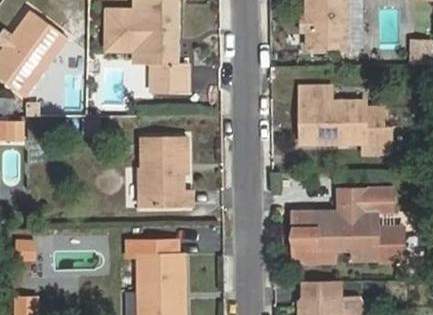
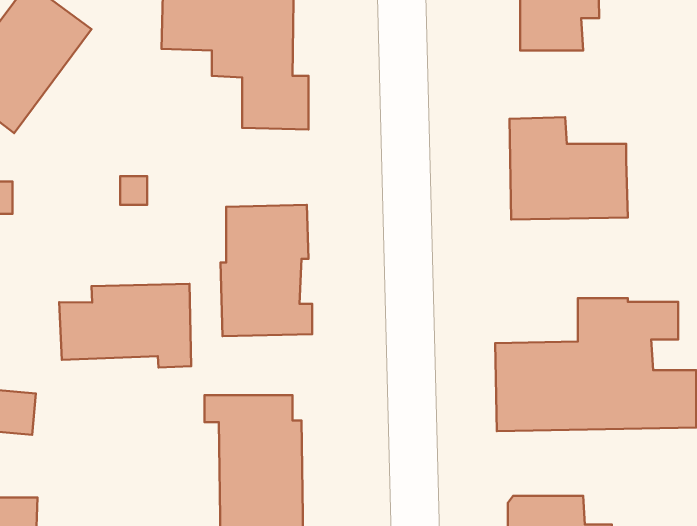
building: [364,110,391,152] -> none
building: none -> [59,284,191,368]

